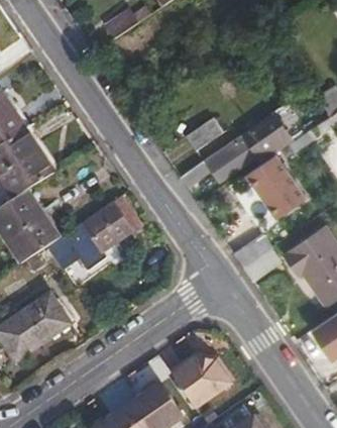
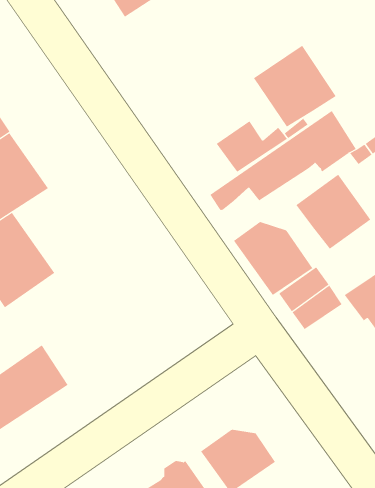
building: none -> [253,45,337,128]
building: [64,195,142,271] -> none
building: none -> [233,221,313,296]

